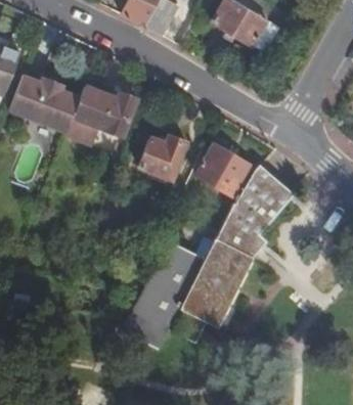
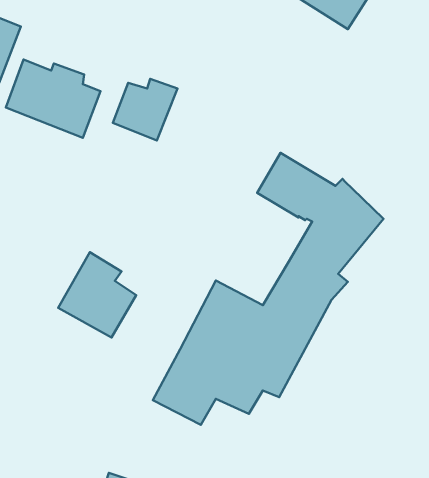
building: [139,135,188,179] -> none
building: none -> [58,252,136,337]

